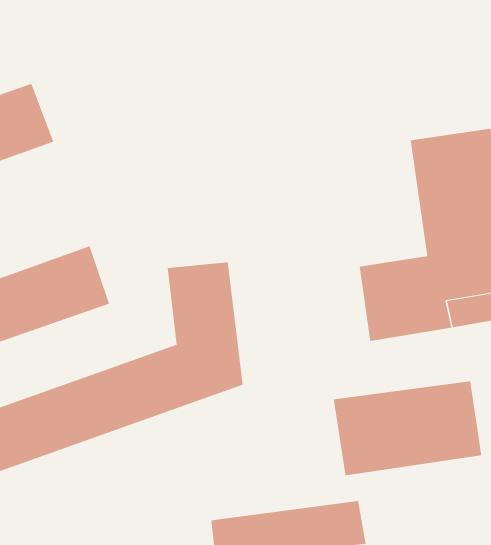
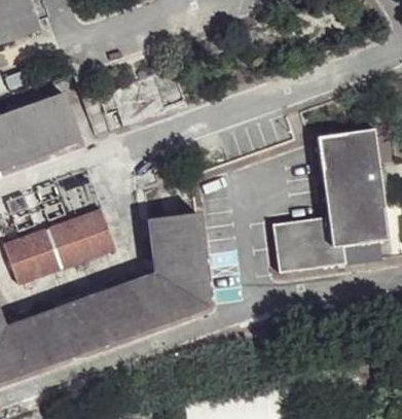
building: [333,380,482,476] -> none

